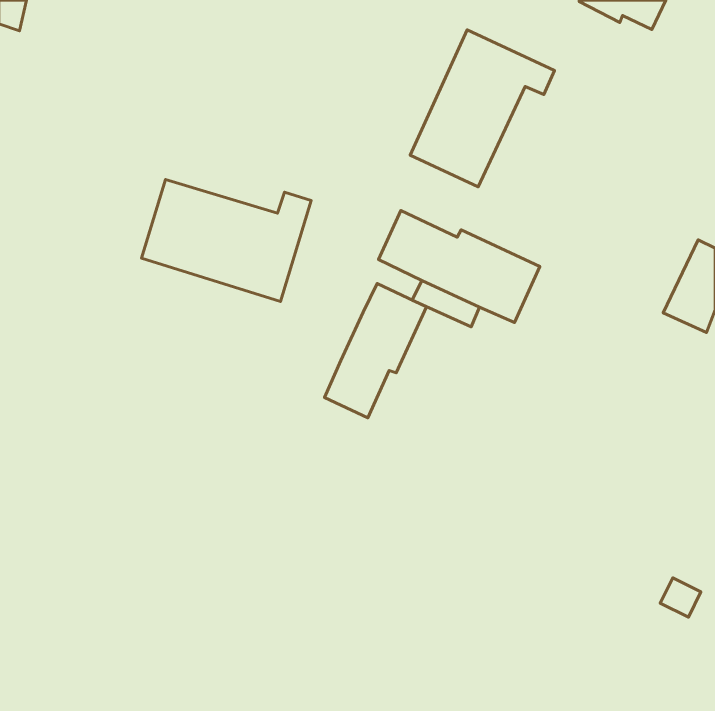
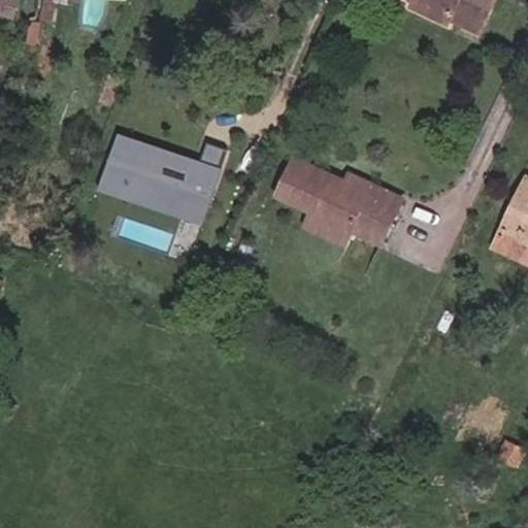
building: [410,30,555,187] -> none
building: [325,283,427,418] -> none

